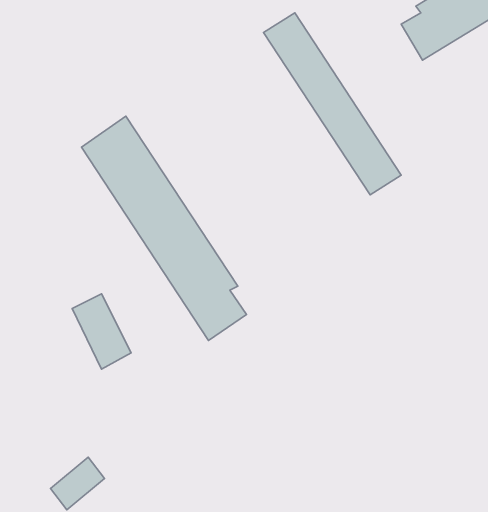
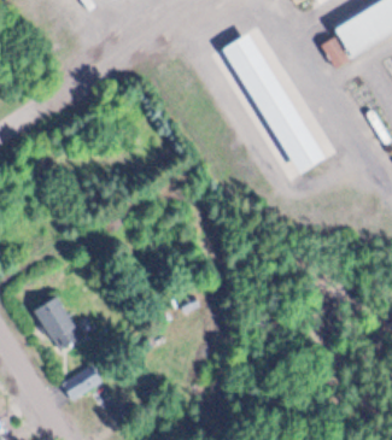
building: [82,116,247,341] -> none
building: [72,294,131,369] -> [36,294,80,350]

